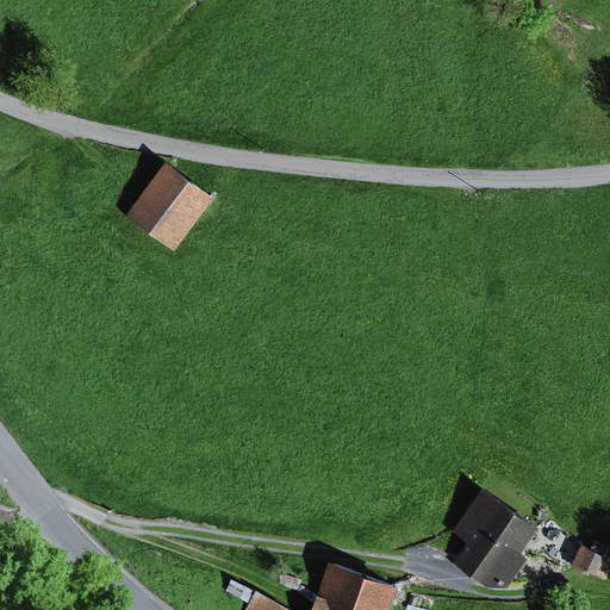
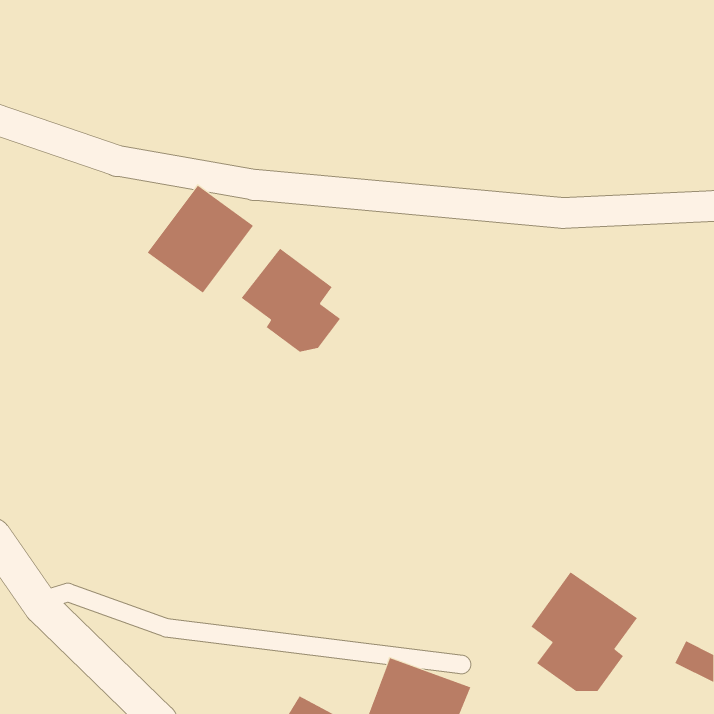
building: none -> [241,248,341,353]

